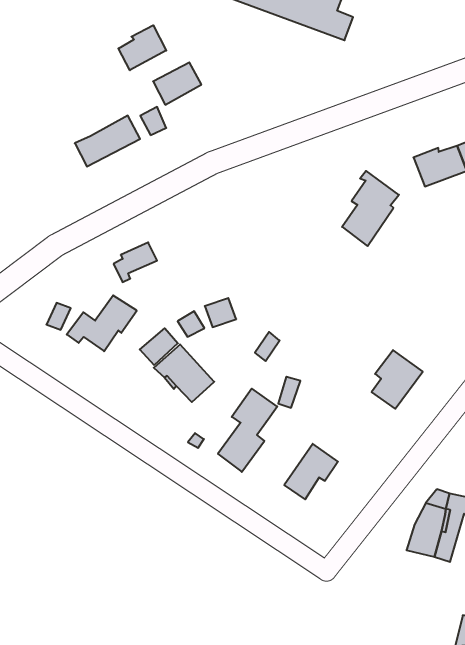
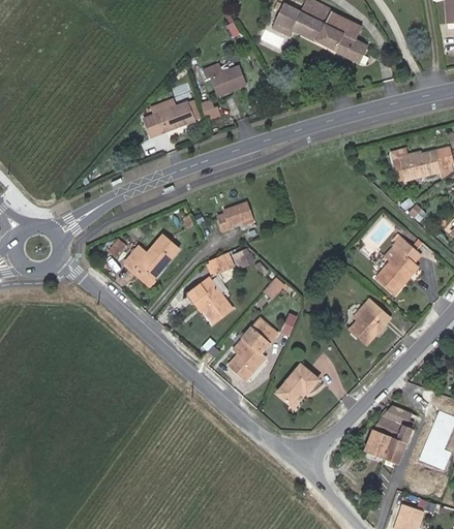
building: [118,25,166,70] -> none
building: [342,171,399,246] -> [376,237,422,293]
building: [114,242,157,282] -> [218,203,251,230]
building: [140,328,178,365] -> none

